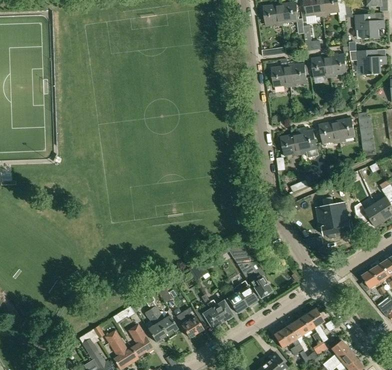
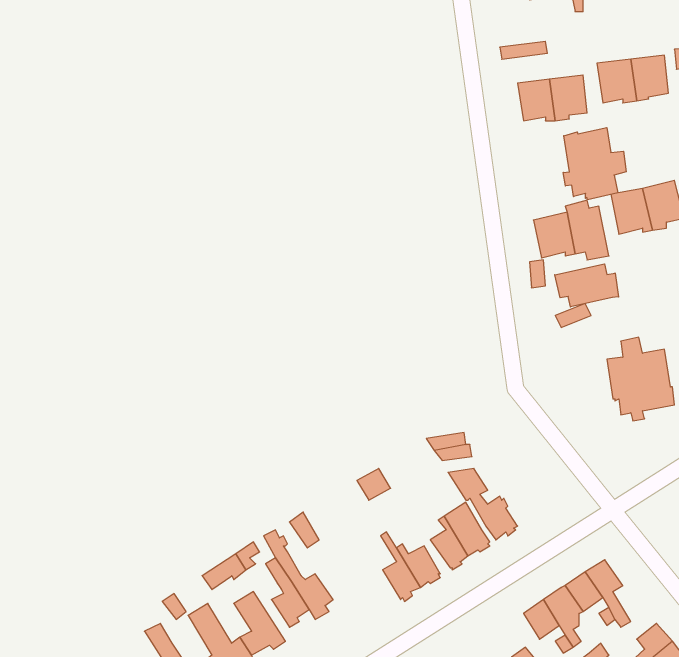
building: none -> [563,128,626,200]
building: none -> [555,264,619,307]
building: [176,308,202,337] -> none

